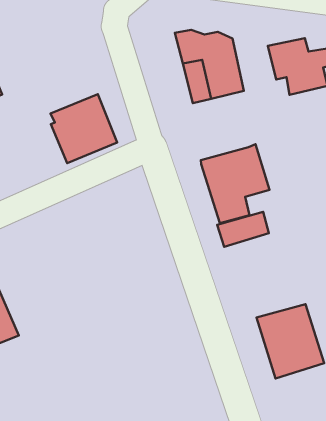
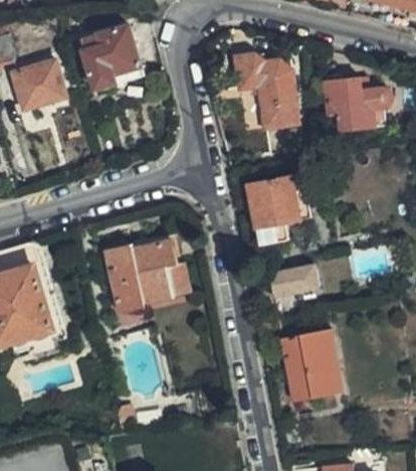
building: [51,94,117,163] -> [81,26,143,89]
building: [217,212,269,247] -> [267,267,316,296]
building: none -> [105,241,177,314]

